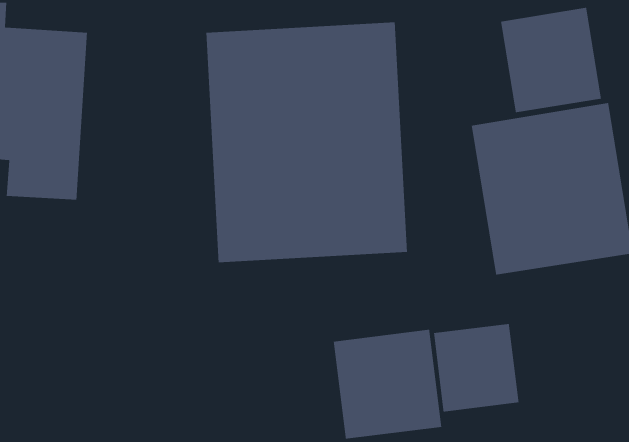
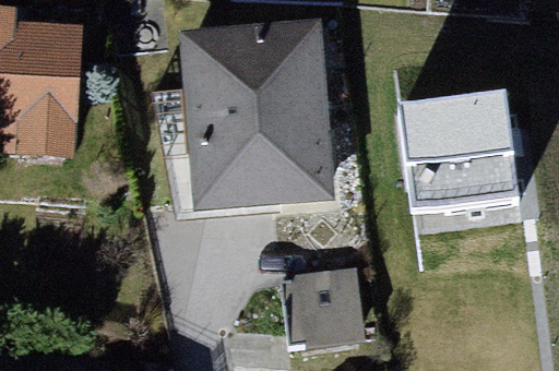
building: [500,7,602,113] -> none
building: [433,323,519,412] -> none

